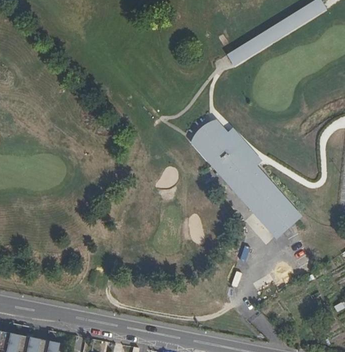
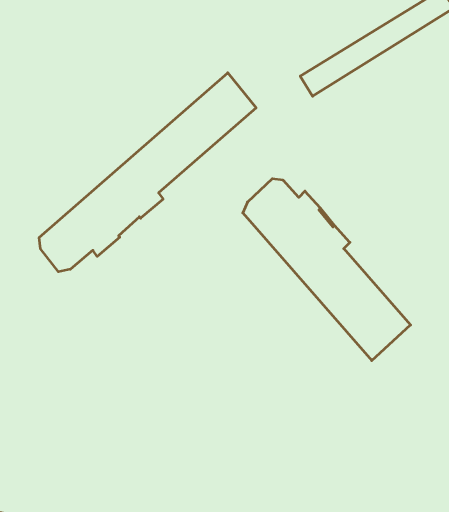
building: none -> [39,73,256,272]

